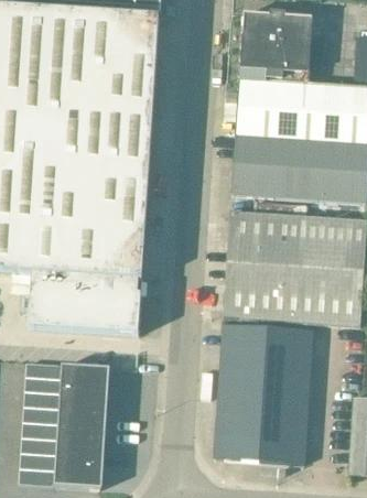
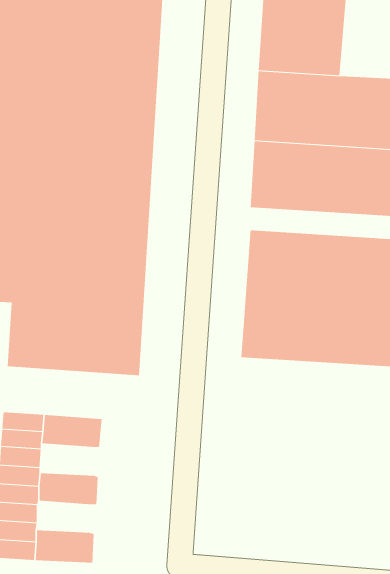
building: [216,323,313,463] -> none
building: [57,388,107,415] -> none
building: [54,435,105,463] -> none

